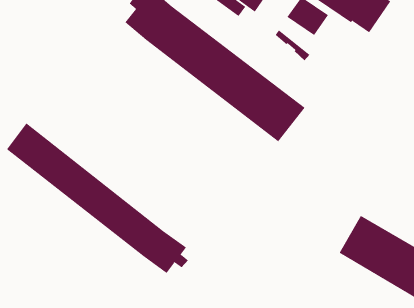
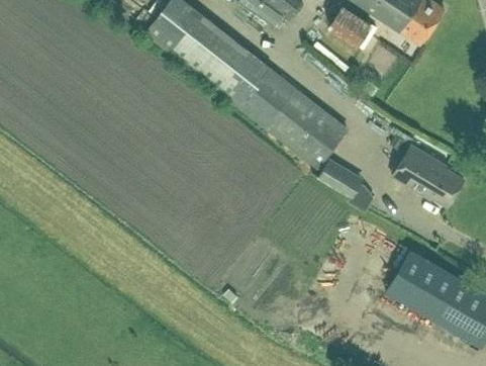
building: none -> [392,145,464,206]
building: [6,123,189,274] -> none
building: none -> [317,159,363,198]

